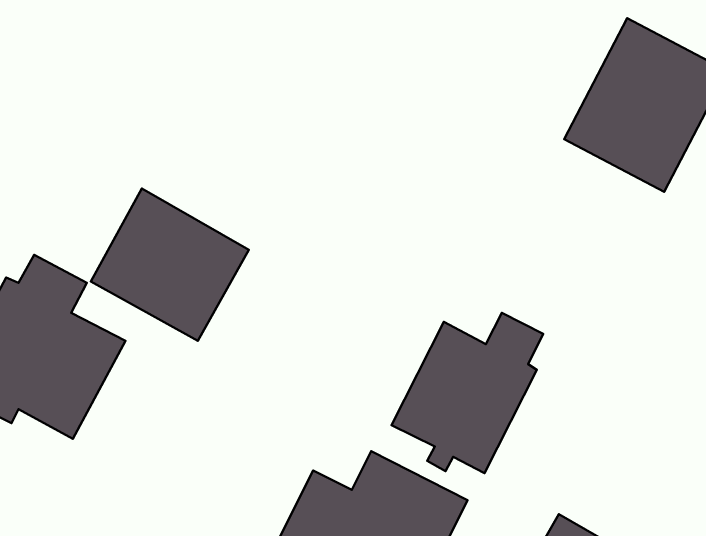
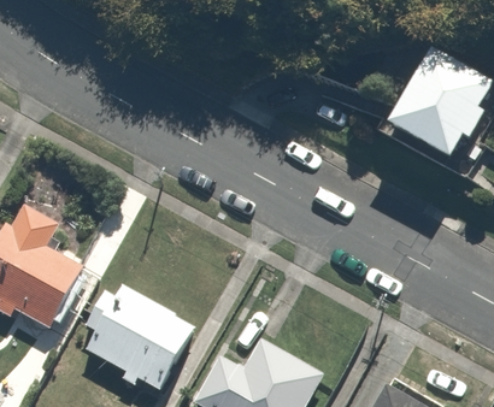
building: [91,188,249,341] -> [86,287,194,391]
building: [392,313,543,473] -> none

